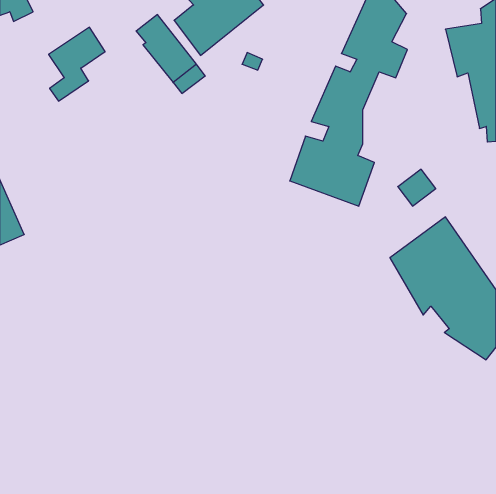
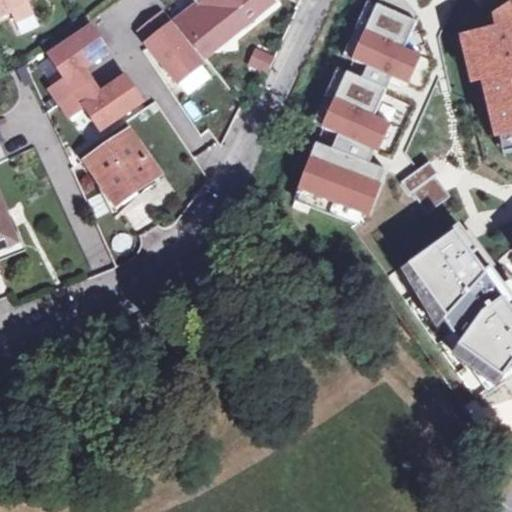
building: none -> [60,79,141,131]
building: none -> [88,131,157,200]

